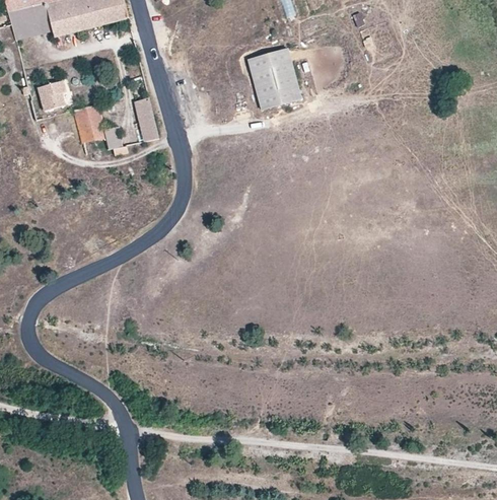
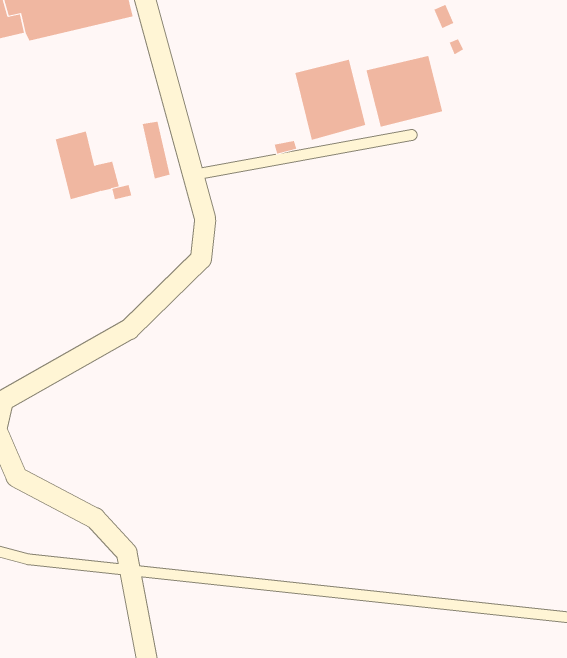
building: none -> [366,55,443,127]
building: [38,77,66,108] -> none

